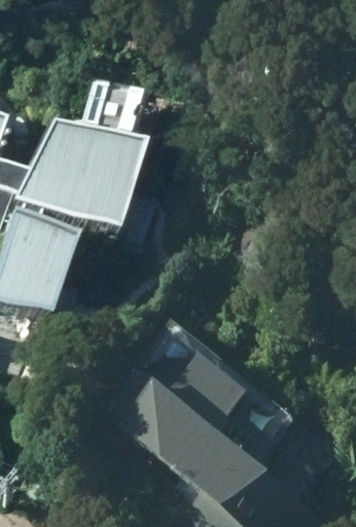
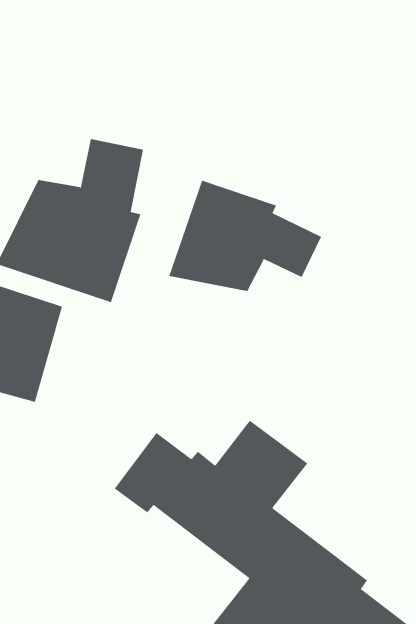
building: none -> [169,180,322,292]

